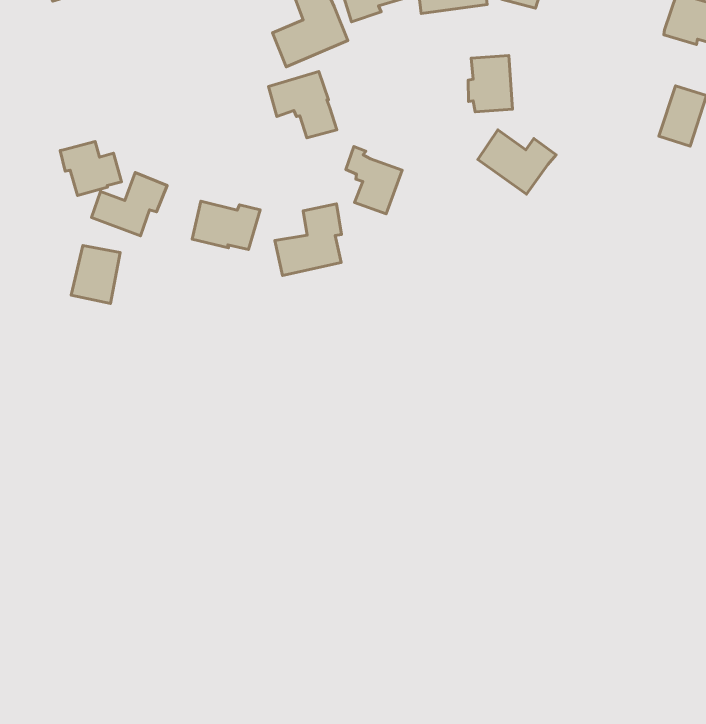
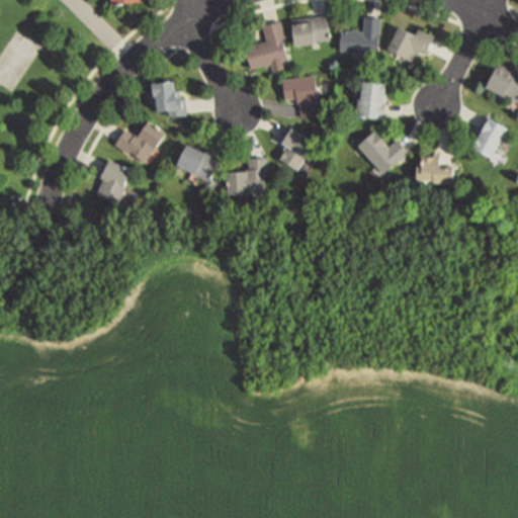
building: [269,72,337,138] -> [281,78,319,117]
building: [60,141,121,195] -> [151,82,185,113]
building: none -> [415,148,450,180]

